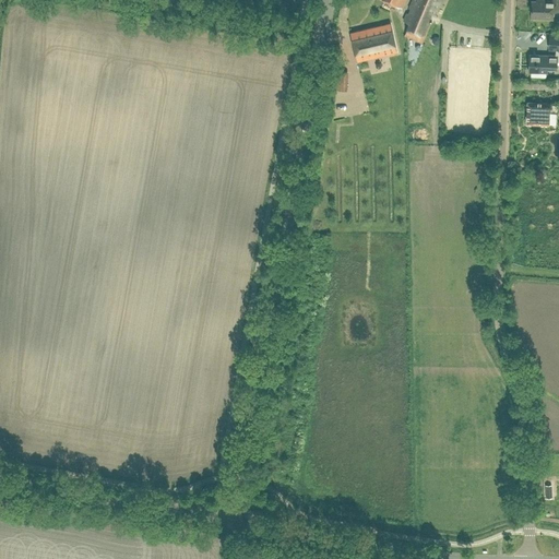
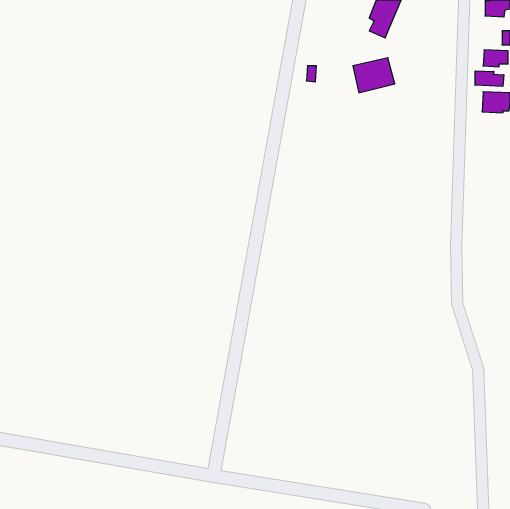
building: [350,23,396,61] -> [353,58,395,93]
building: none -> [475,71,504,86]

